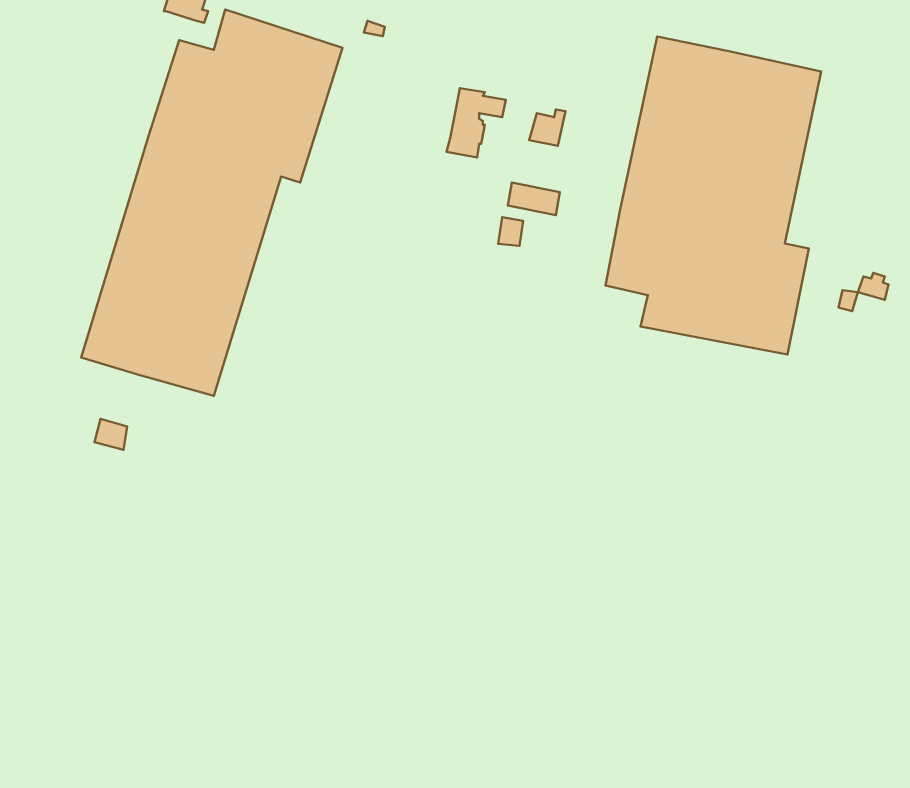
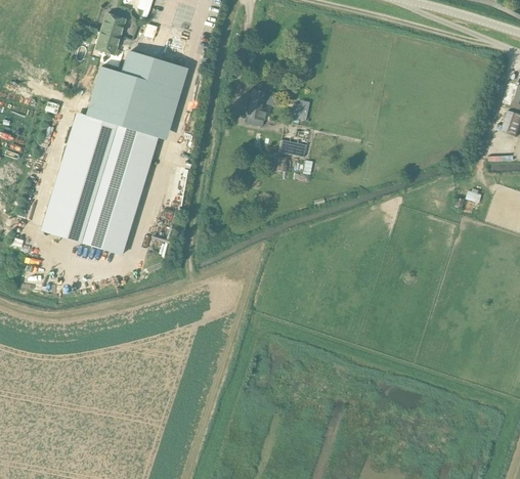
building: [605,36,821,355] -> none

